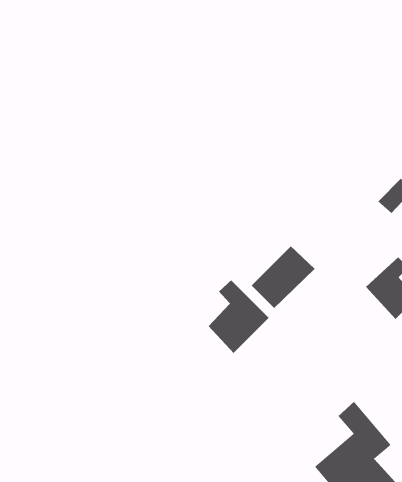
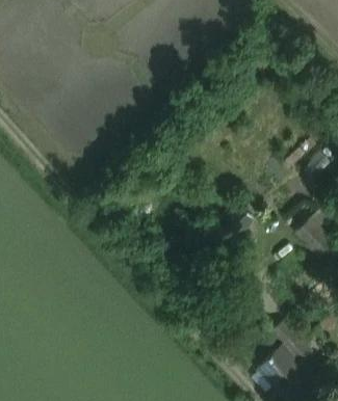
building: [208,280,269,354] -> none

